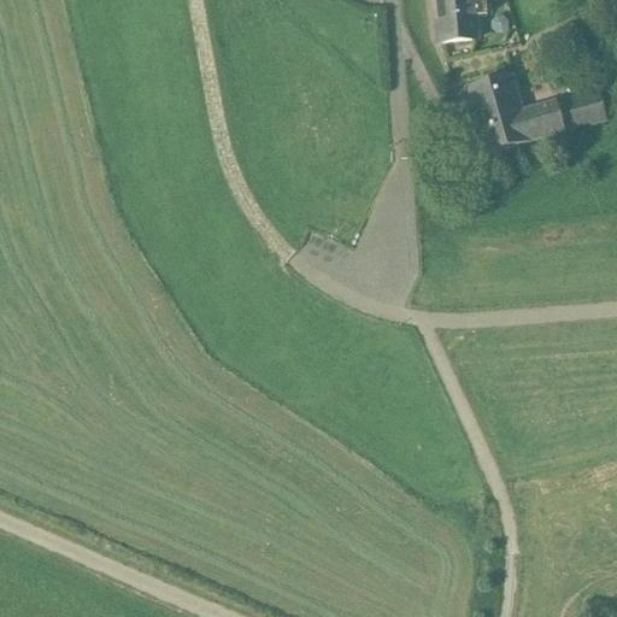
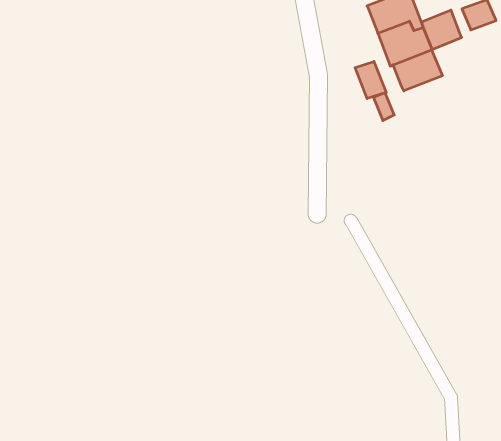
building: none -> [393,50,442,91]
building: none -> [355,61,386,99]

